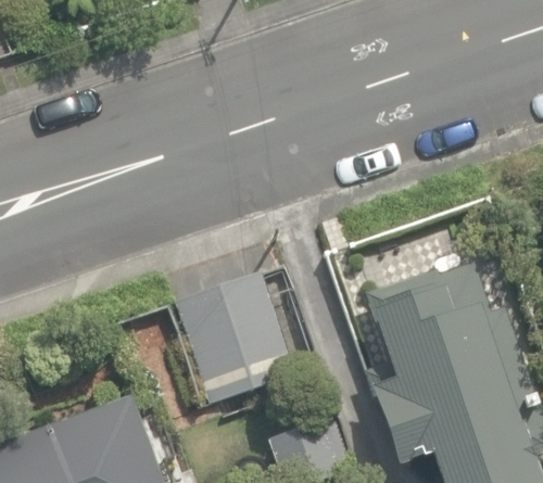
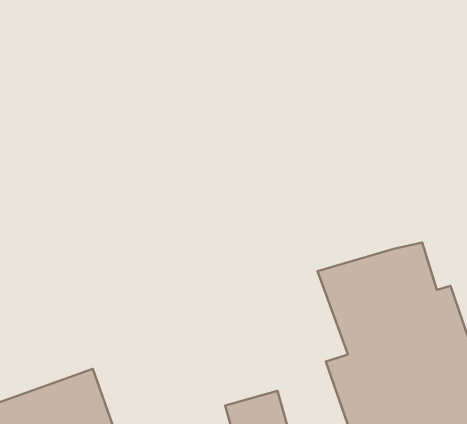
building: [175,271,295,403] -> none

